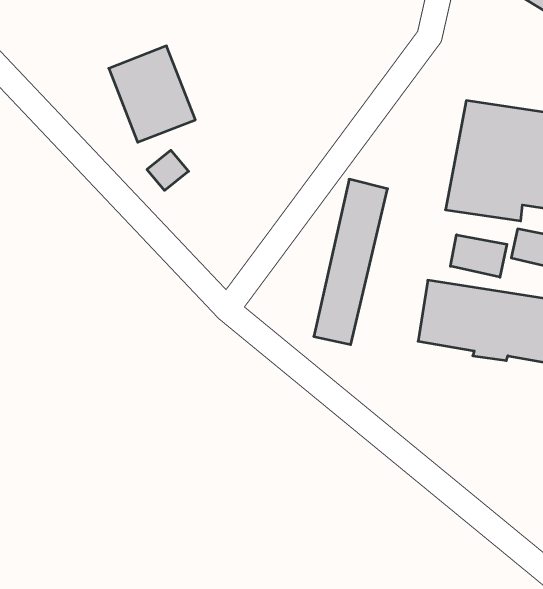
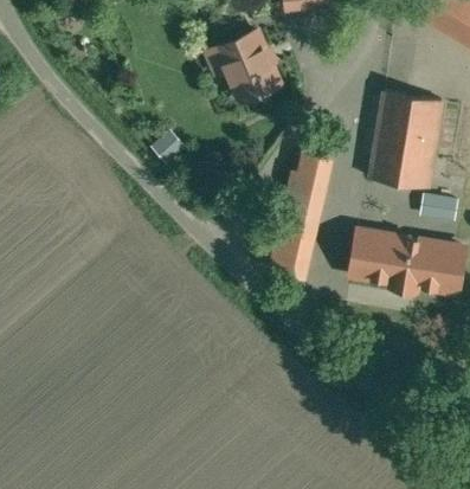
building: [109,46,195,142] -> [213,31,277,102]
building: [450,235,507,277] -> none

